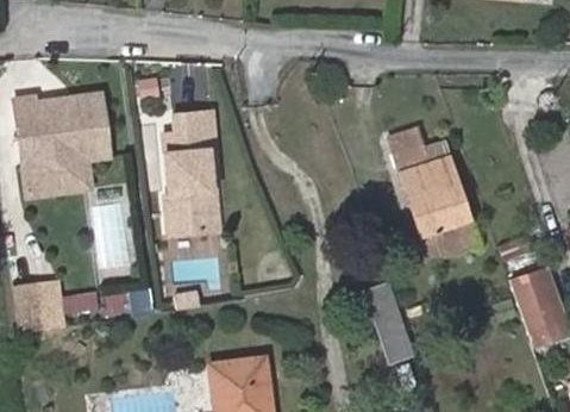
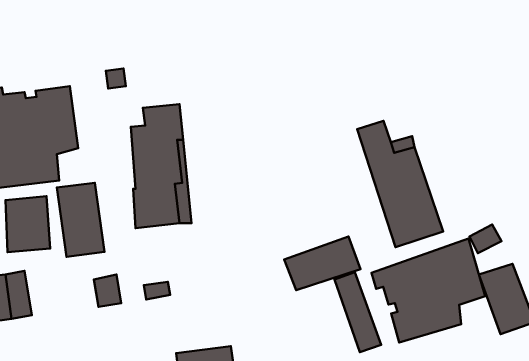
building: none -> [5,196,50,252]
building: none -> [284,237,360,290]
building: none -> [372,239,485,342]

